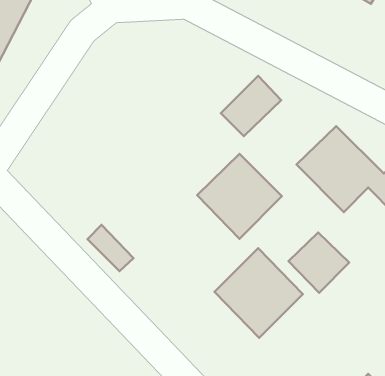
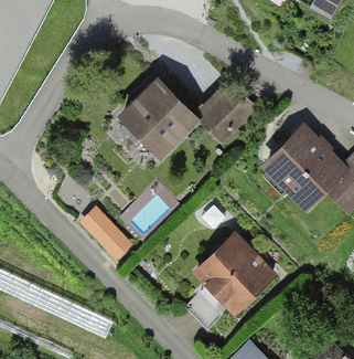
building: [197,154,282,239] -> [122,81,195,154]
building: [289,232,349,293] -> none

